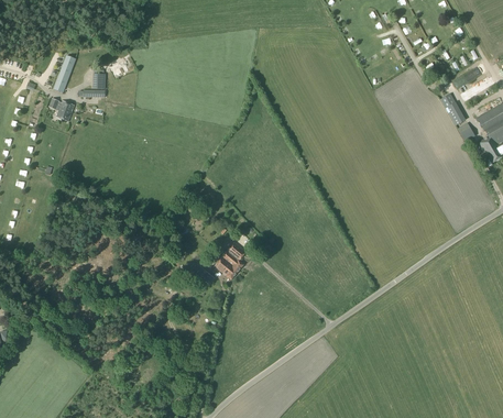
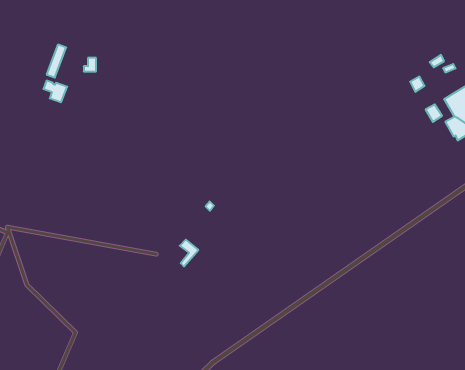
building: [215,241,247,278] -> none

